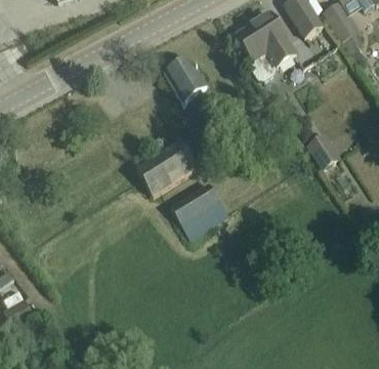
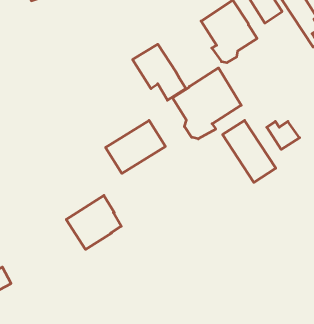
building: none -> [173,68,241,139]
building: none -> [223,120,276,182]
building: [169,181,227,239] -> [66,195,121,249]

